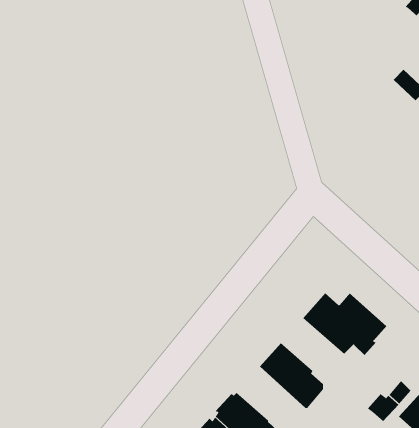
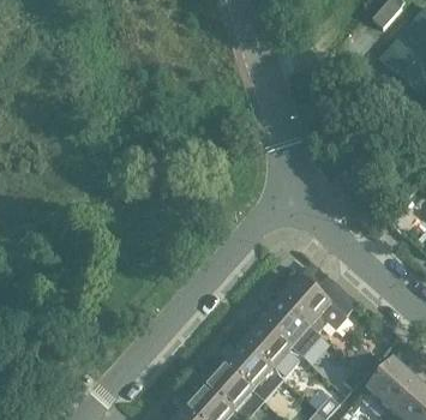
building: none -> [262,298,324,356]
building: none -> [222,341,283,389]

